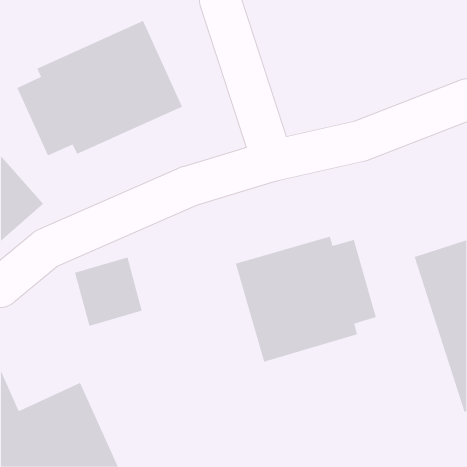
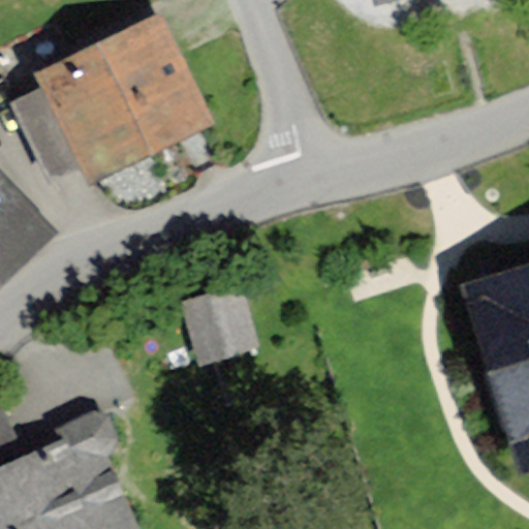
building: [235,236,377,362] -> none
building: [74,257,143,326] -> [182,281,259,360]

